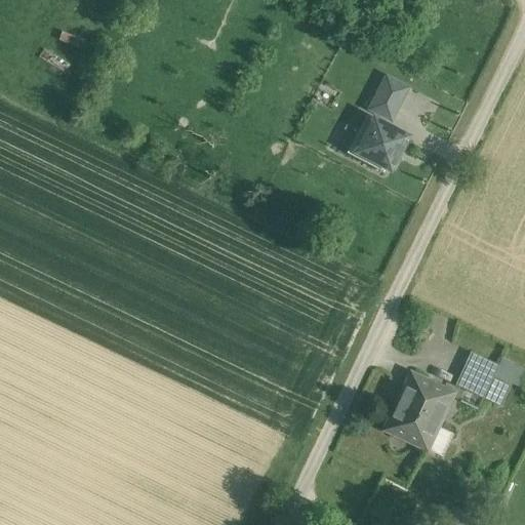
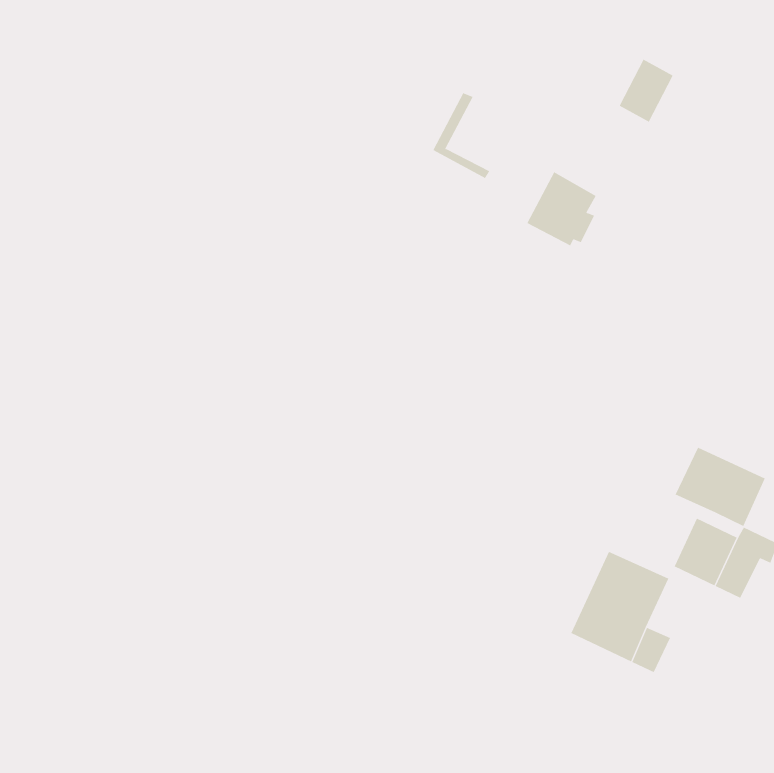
building: [371,75,408,118] -> [619,59,673,123]
building: [348,113,387,171] -> [432,92,490,179]
building: none -> [675,447,766,527]

